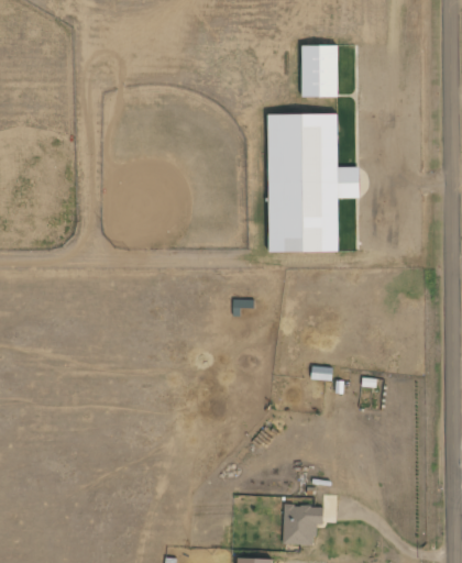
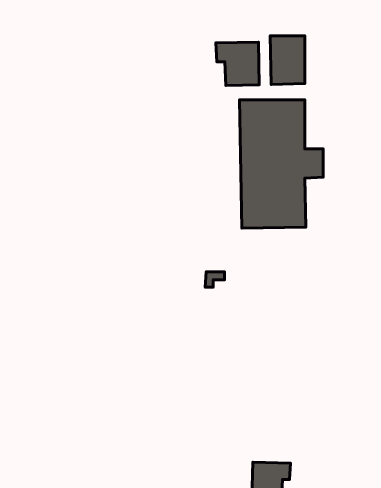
building: none -> [216,42,259,86]

